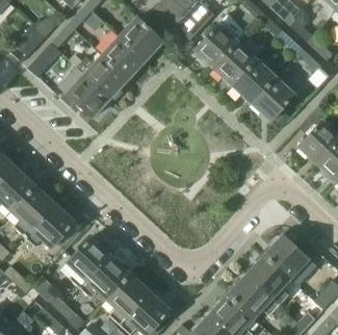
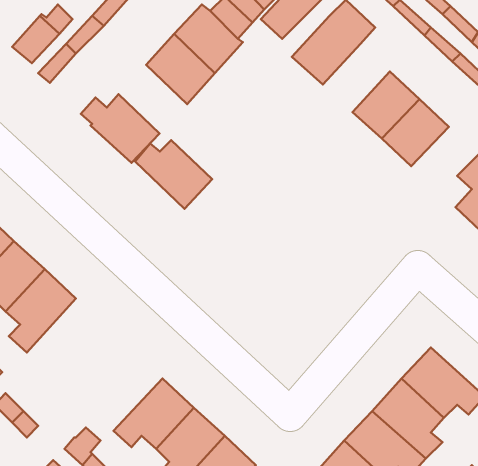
building: [213,43,256,86] -> none
building: [78,56,127,100] -> [135,140,212,209]
building: [25,205,76,250] -> none
building: [68,238,111,289] -> none

